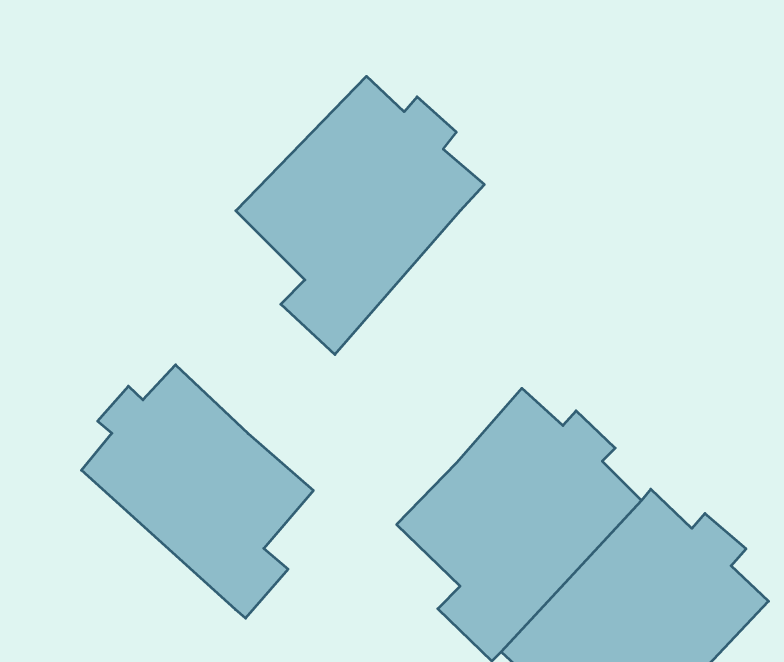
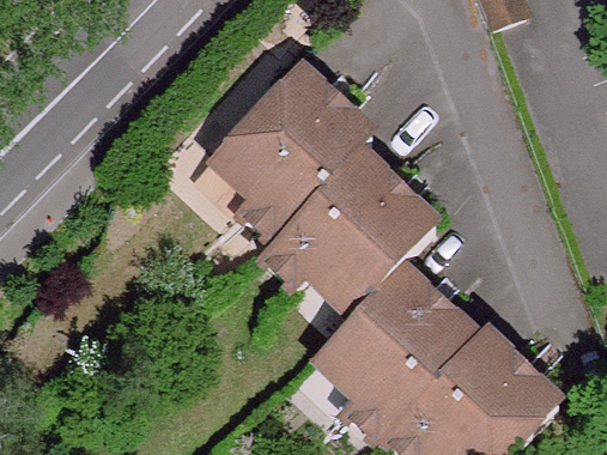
building: none -> [262,153,432,315]
building: [81,365,313,618] -> none

